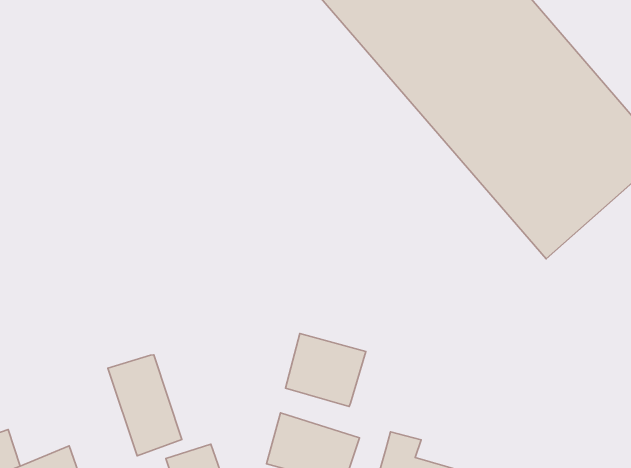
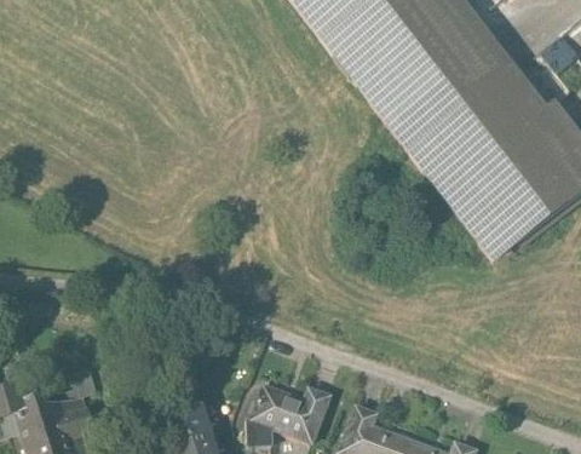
building: [285,333,366,407] -> none
building: [108,355,182,456] -> none

